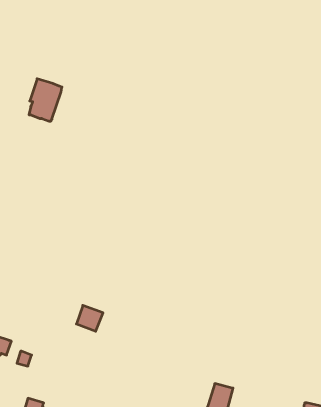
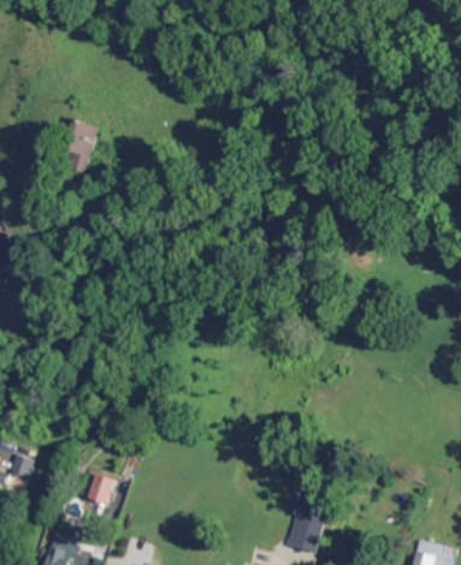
building: [76,305,103,331] -> [81,472,116,506]

